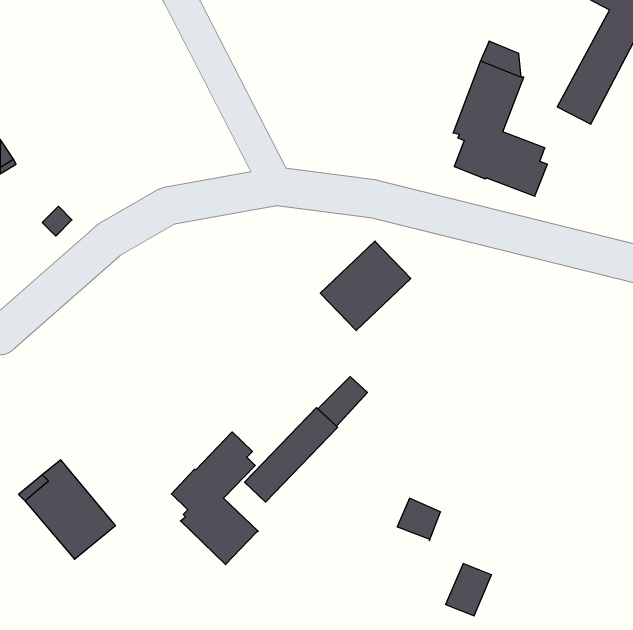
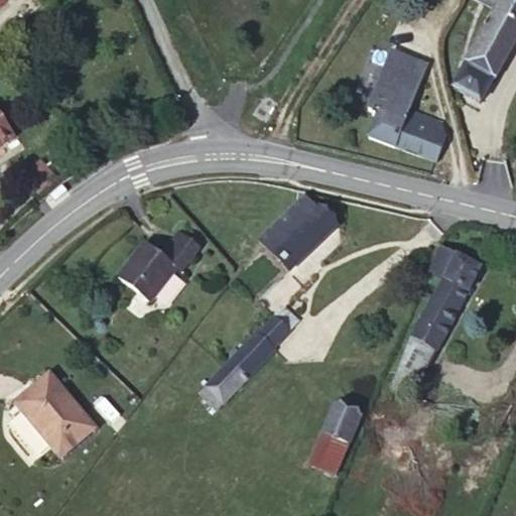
building: none -> [119,228,201,300]
building: none -> [393,246,481,396]
building: [171,432,258,565] -> none
building: [446,564,492,616] -> [312,428,350,471]

